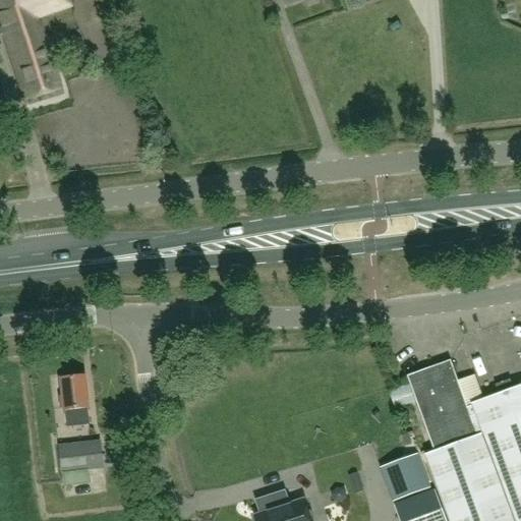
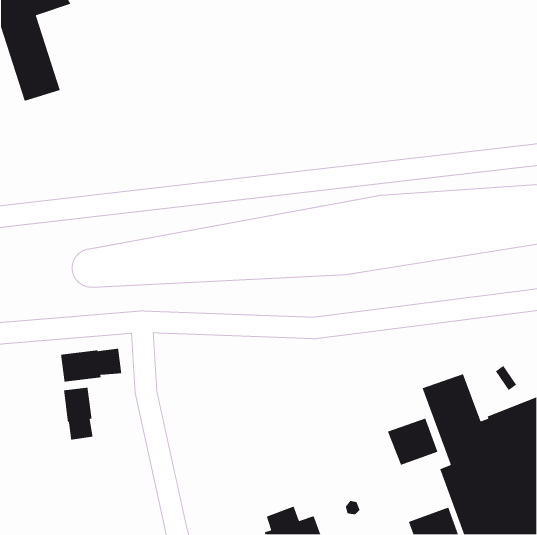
building: none -> [60,348,122,383]
building: [58,440,102,485] -> none
building: [381,453,430,500] -> [387,418,438,466]

